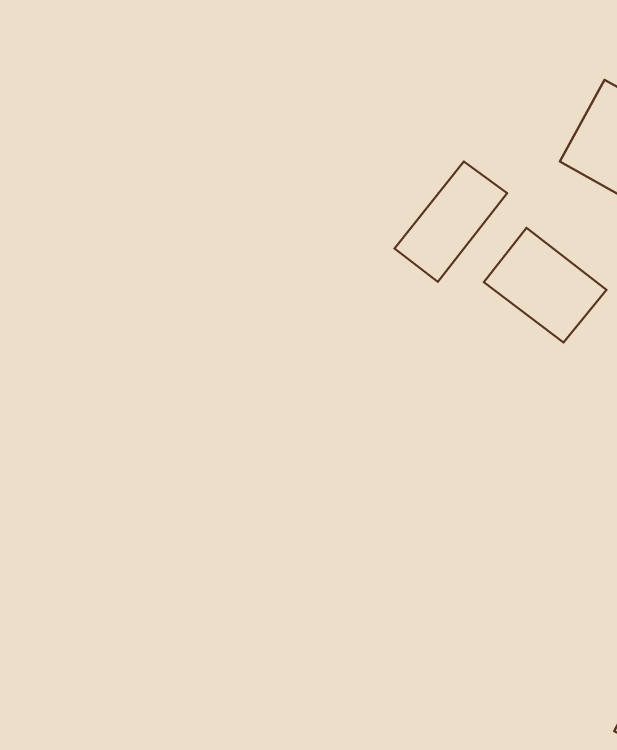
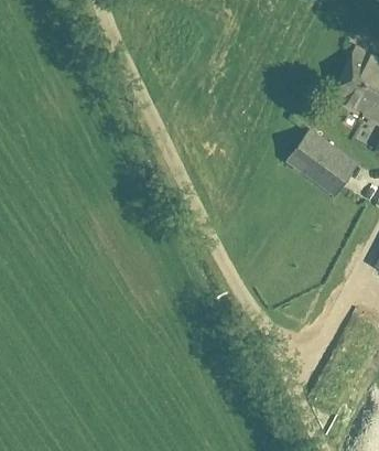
building: [395,162,507,282] -> none

